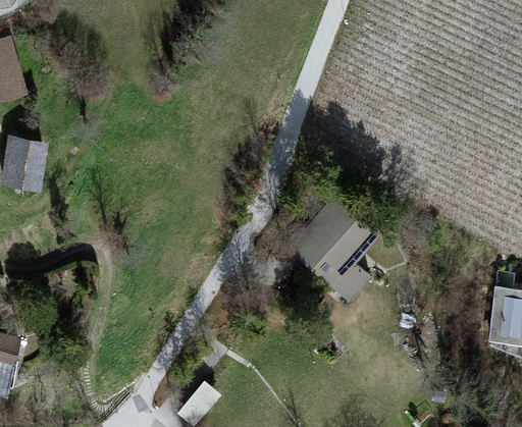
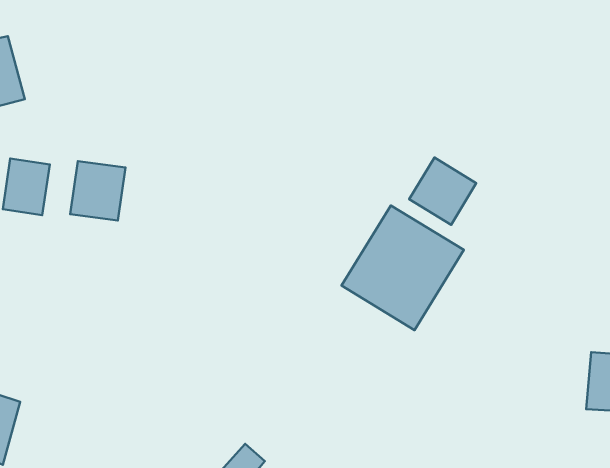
building: none -> [409,157,476,225]
building: none -> [70,161,126,221]

